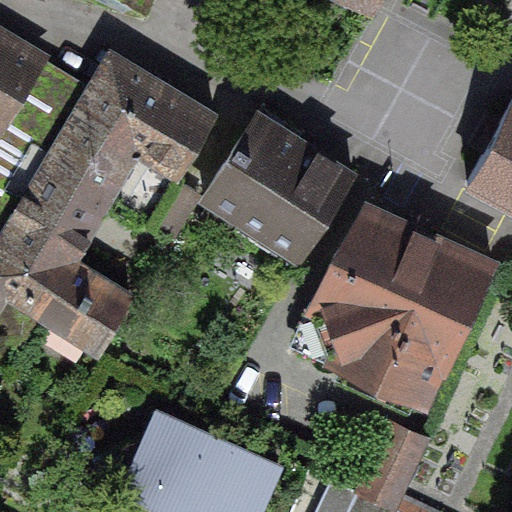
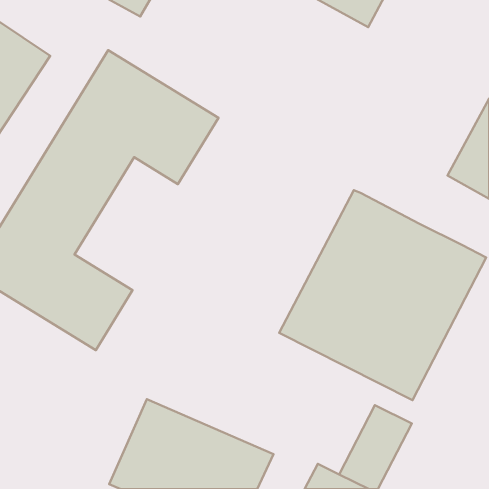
building: [203,110,362,262] -> none

